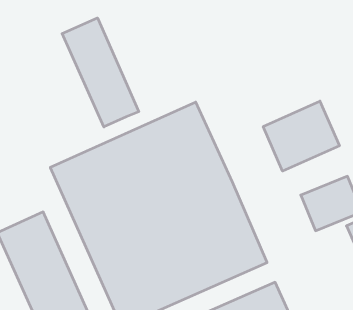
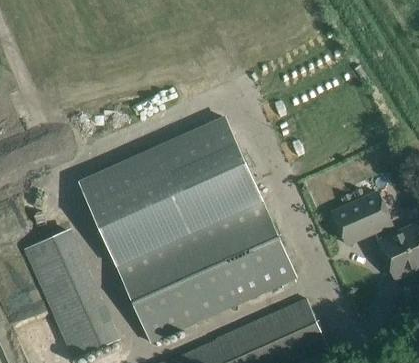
building: [62,18,139,127] -> none
building: [263,101,339,171] -> none

